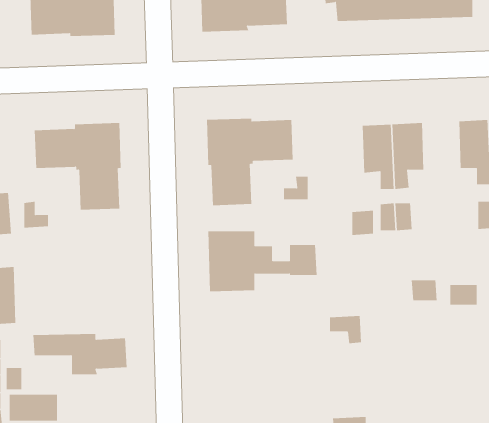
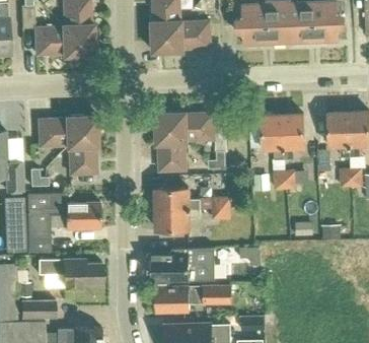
building: none -> [26,193,99,253]
building: none -> [153,247,214,281]
building: none -> [154,286,232,312]

